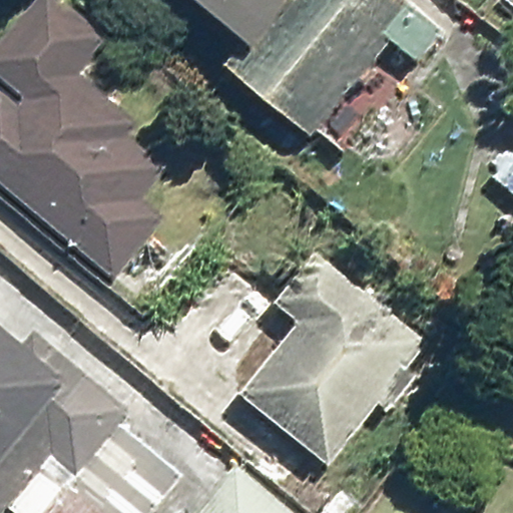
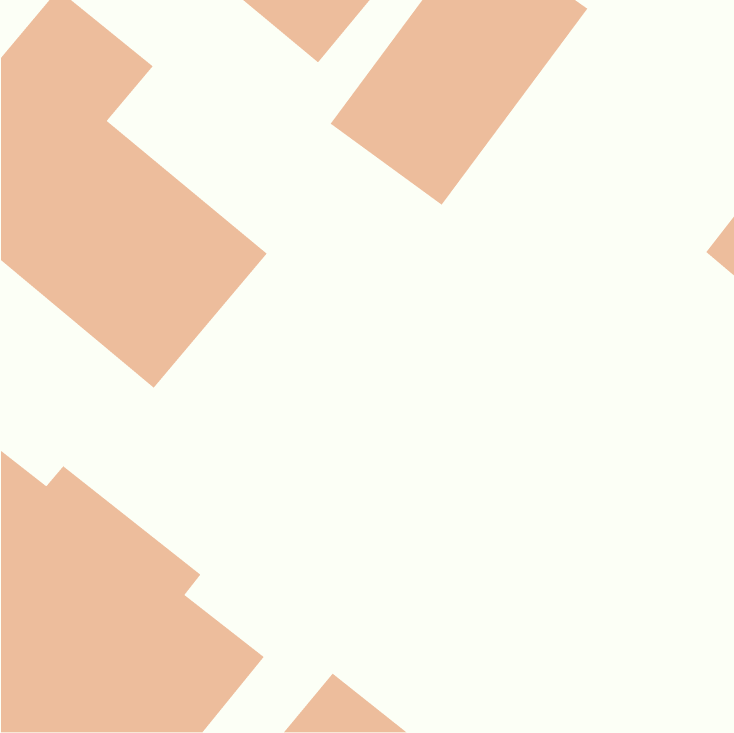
building: [236,253,425,467] -> none

